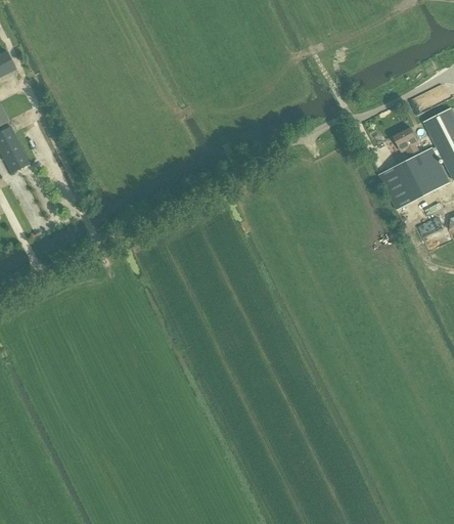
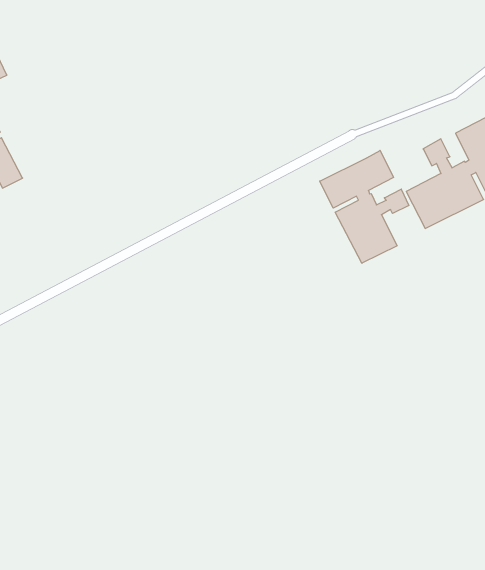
building: none -> [320,150,409,263]

